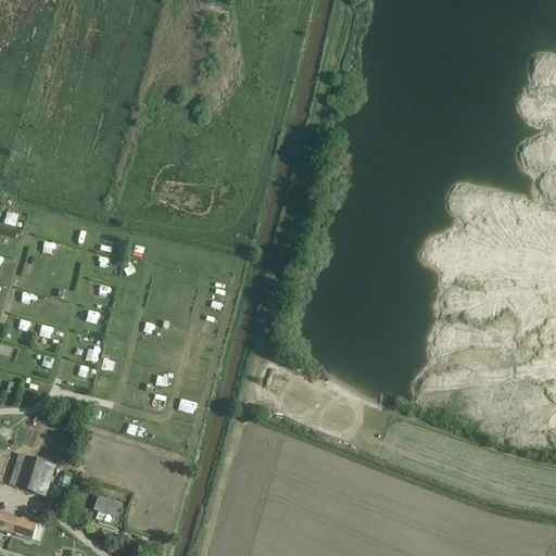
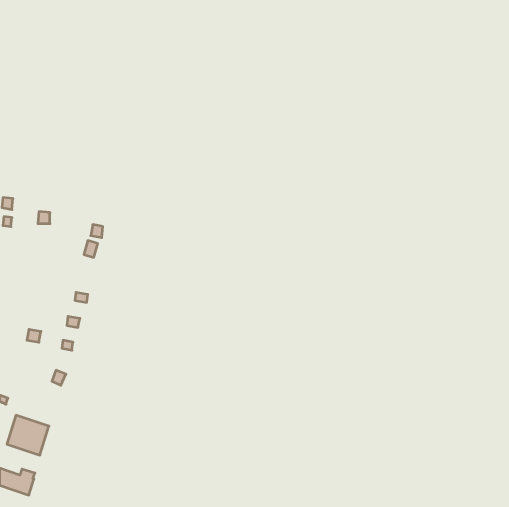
building: [92,495,122,521] -> none

